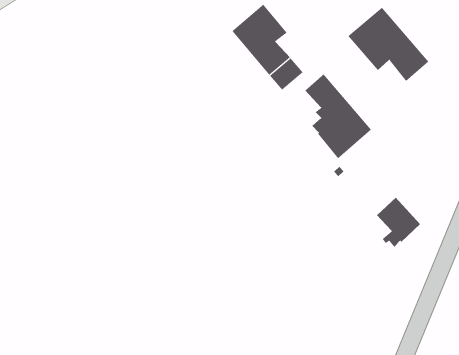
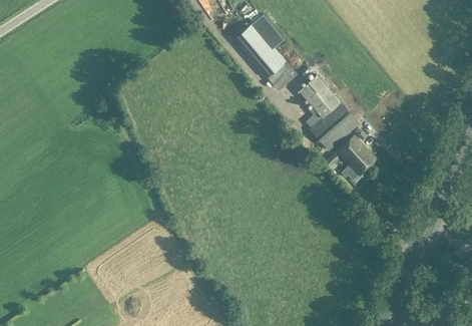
building: [347,7,429,82] -> none
building: [376,197,421,248] -> [337,134,376,180]

